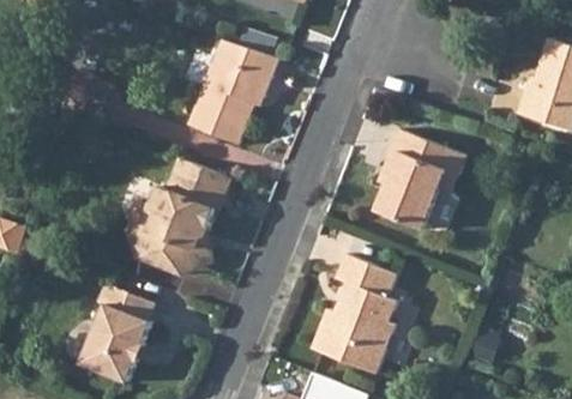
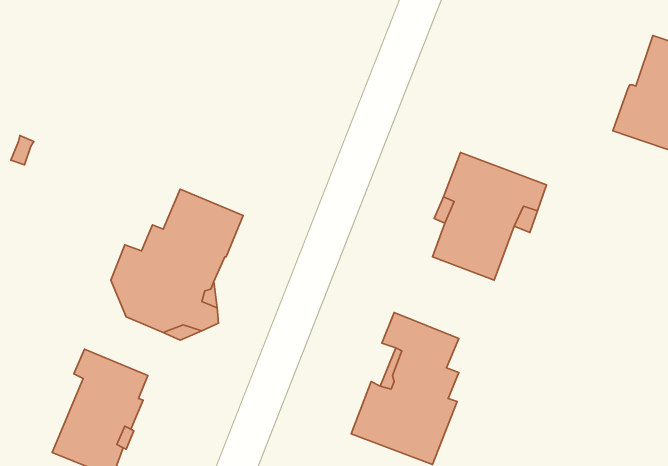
building: [188,41,278,145] -> none

